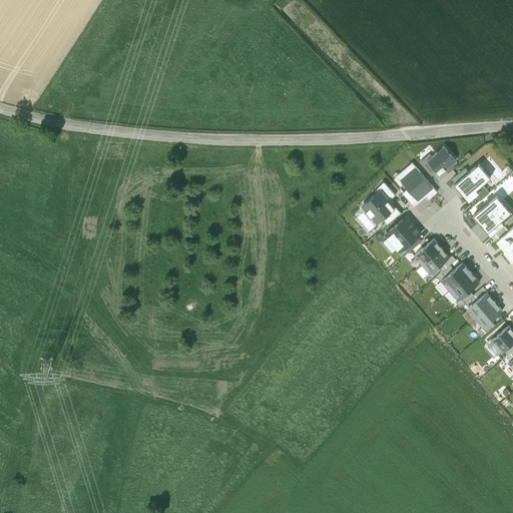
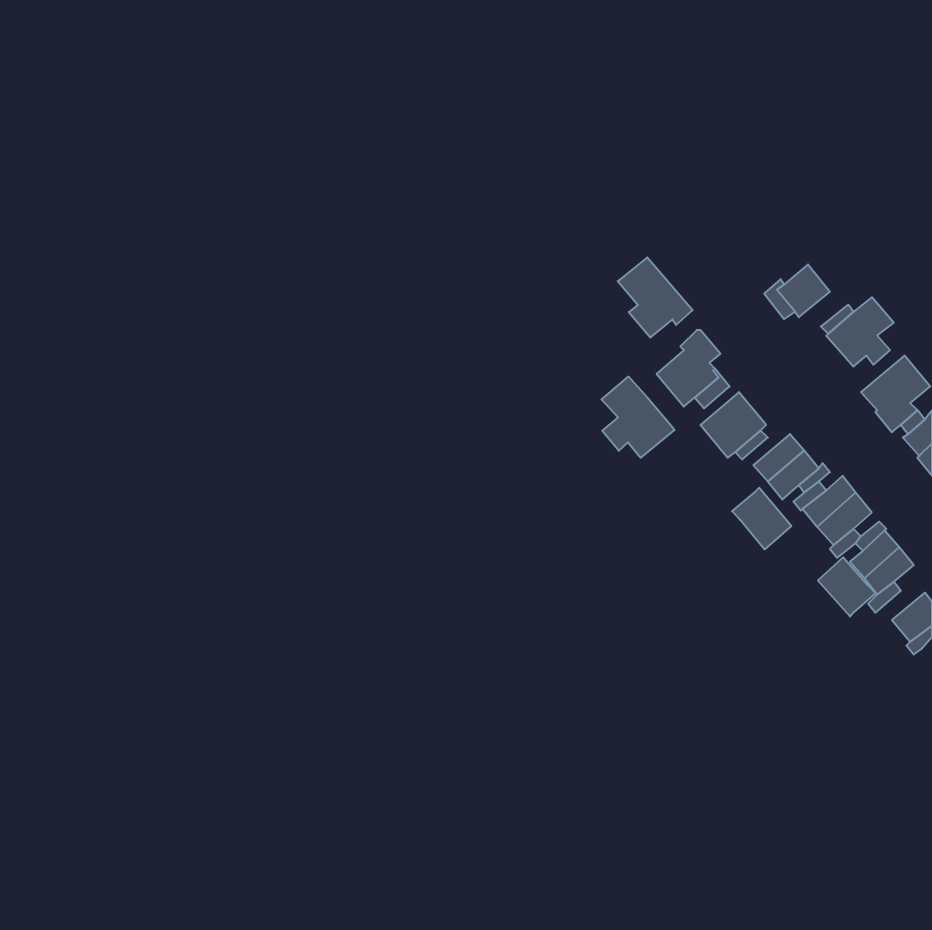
building: [396,163,437,207] -> [618,257,693,338]
building: none -> [601,377,675,458]
building: none -> [732,488,791,549]
building: none -> [818,557,875,617]

